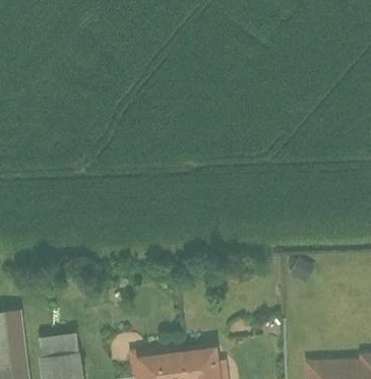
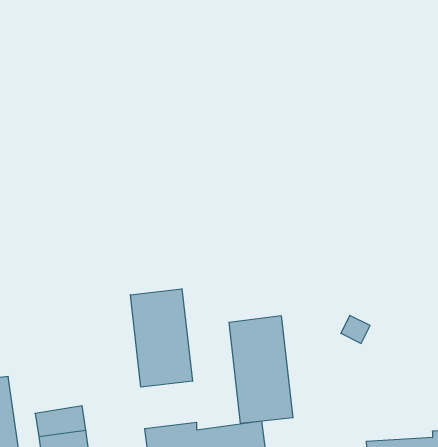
building: none -> [130,289,192,387]
building: none -> [229,316,293,423]

